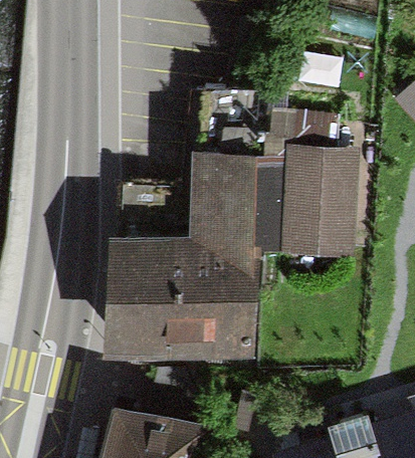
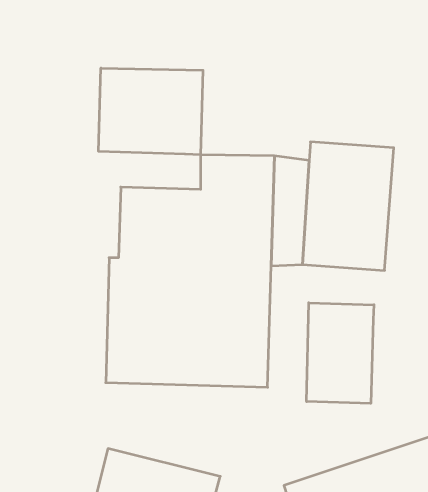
building: none -> [99,68,203,155]
building: none -> [307,303,374,403]

